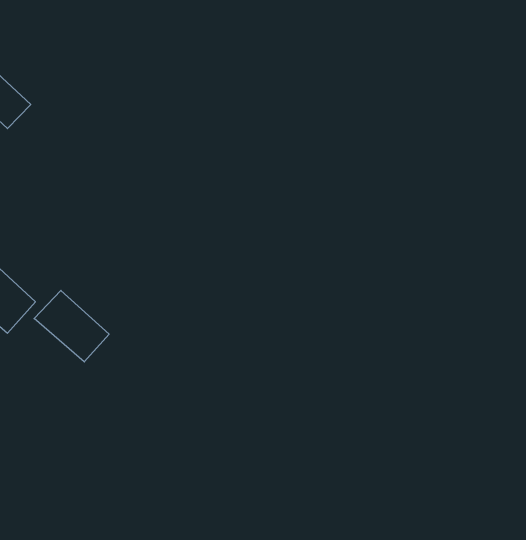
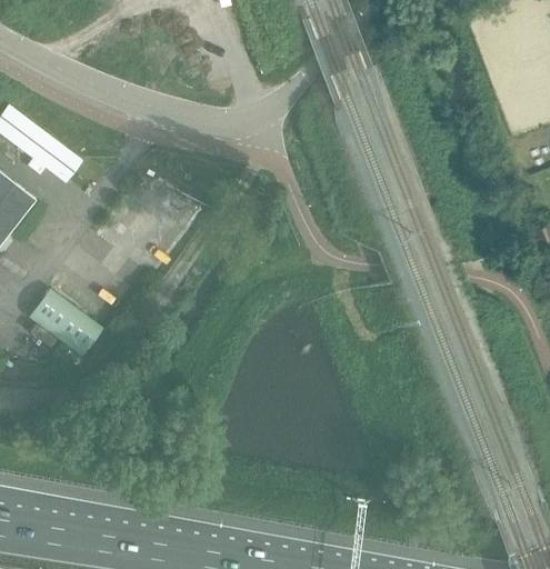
building: [34,290,109,362] -> none

